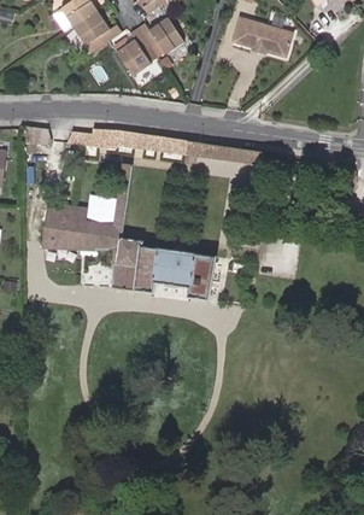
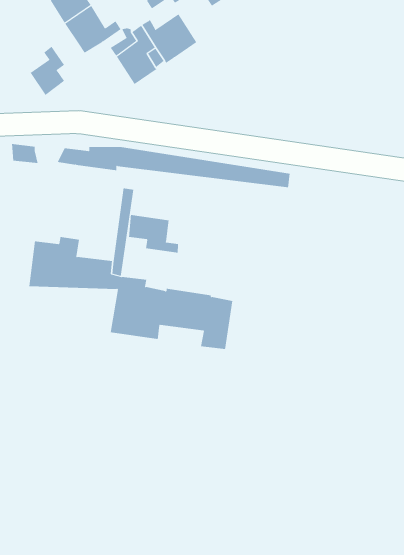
building: [231,19,293,59] -> none
building: none -> [30,46,65,96]
building: none -> [129,214,178,254]

